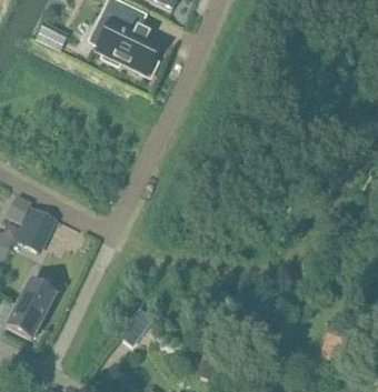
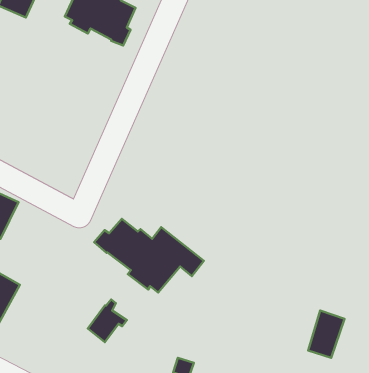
building: none -> [94,219,204,292]

